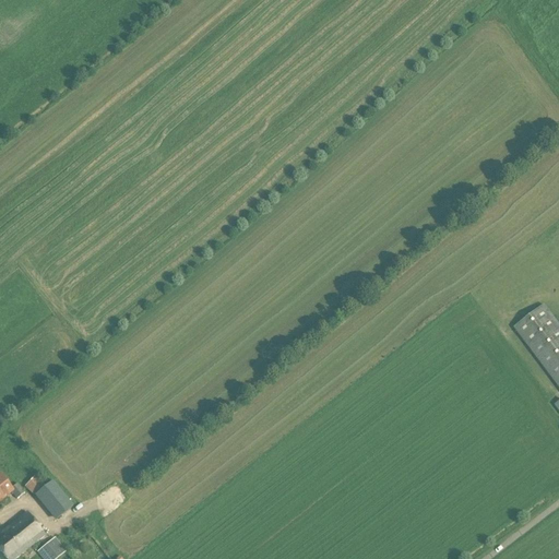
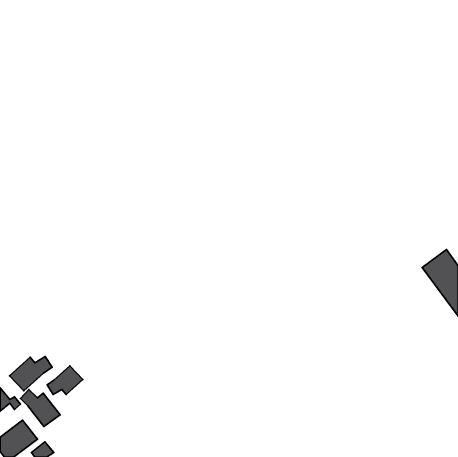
building: none -> [9,356,52,391]
building: none -> [47,366,83,394]

